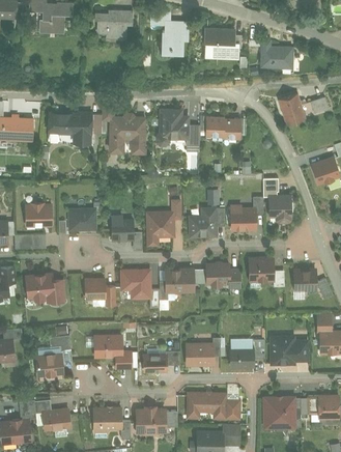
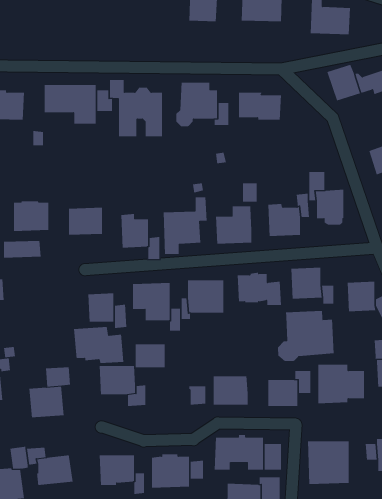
building: [24,271,65,301] -> [73,326,124,363]
building: none -> [277,310,334,362]
building: [141,355,166,374] -> [135,344,166,368]

